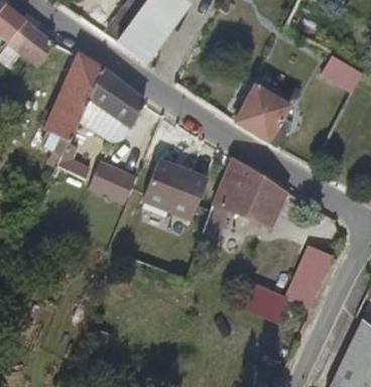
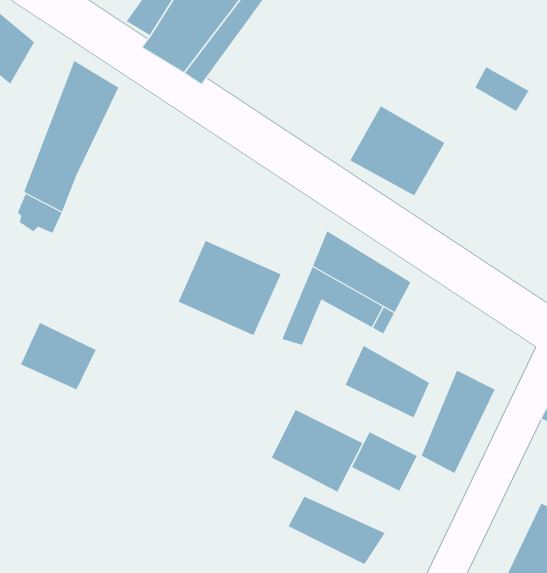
building: [75,68,144,137] -> none
building: [85,160,132,203] -> [20,322,96,390]
building: none -> [345,345,430,418]
building: none -> [271,409,363,493]
building: none -> [288,496,386,565]

